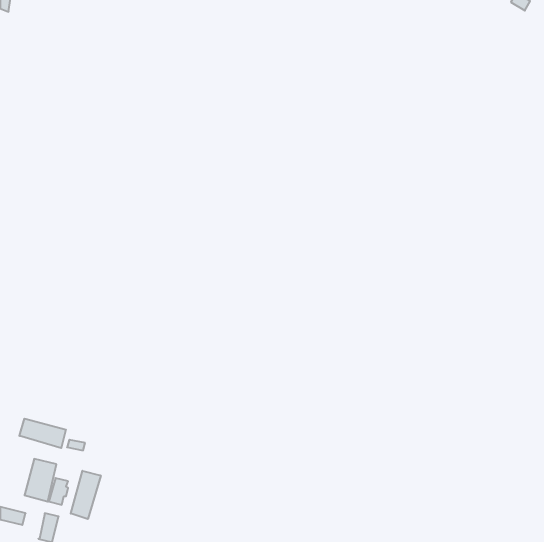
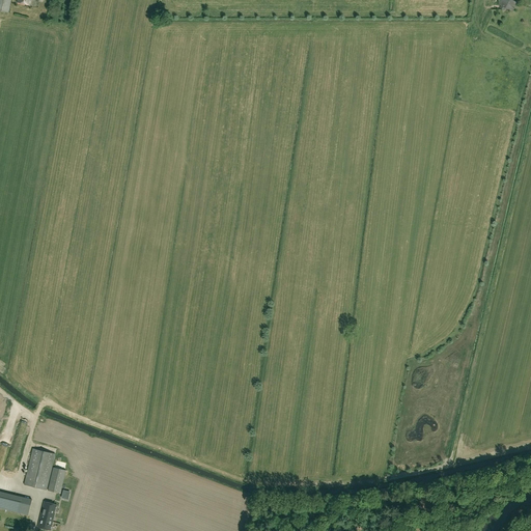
building: [19,419,66,448] -> none
building: [71,471,101,519] -> none

